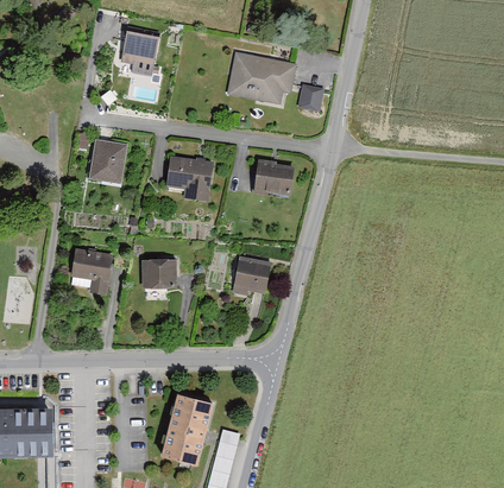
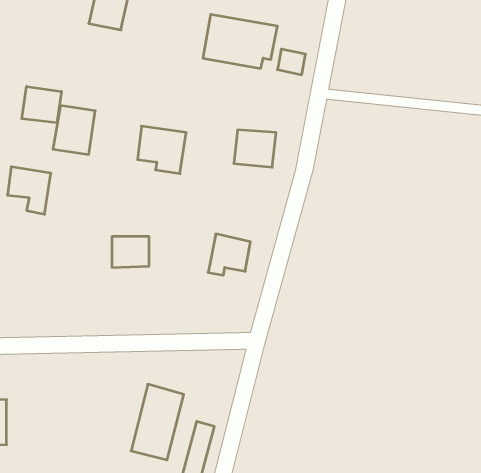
building: none -> [22,86,61,123]
building: [71,249,112,293] -> [7,167,51,214]

